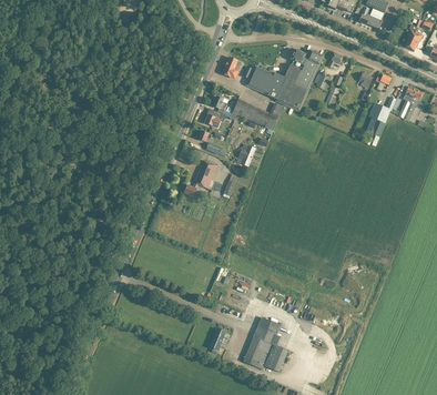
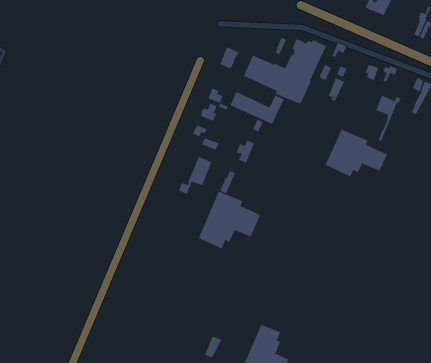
building: none -> [325,129,388,177]
building: none -> [198,191,261,249]

